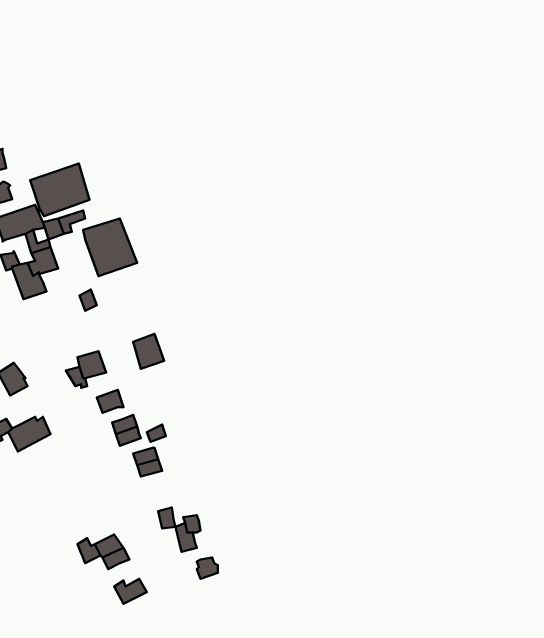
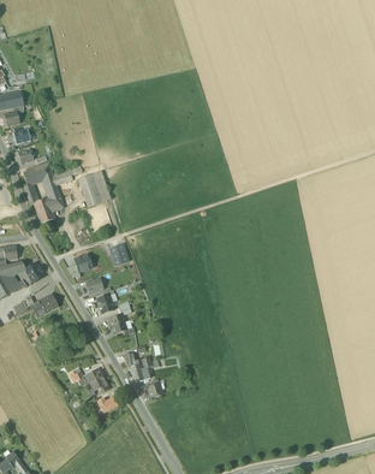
building: [30,163,89,216] -> none

